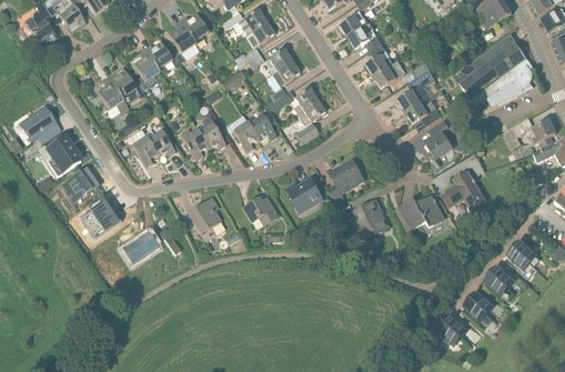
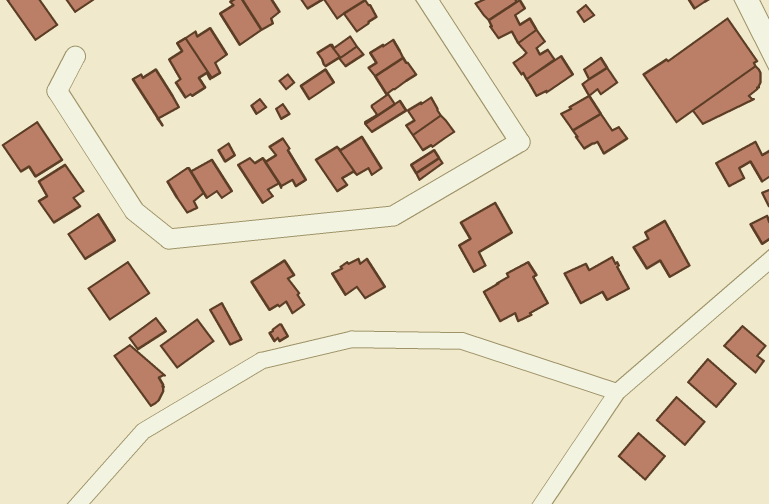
building: [97,76,129,112] -> none
building: [424,119,452,157] -> none
building: [286,178,322,209] -> none
building: none -> [115,345,165,406]

